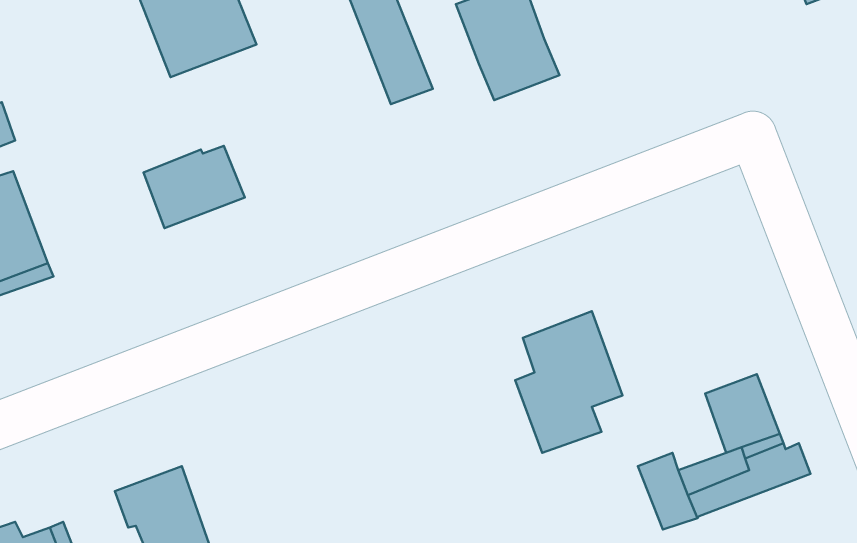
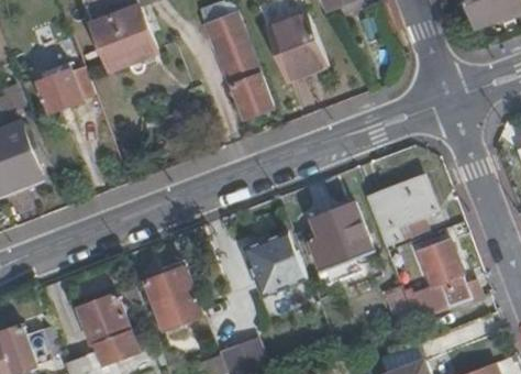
building: none -> [236,76,274,118]
building: [143,146,245,228] -> [37,67,96,114]
building: none -> [365,177,433,242]
building: none -> [244,231,306,295]
building: none -> [145,267,203,329]

